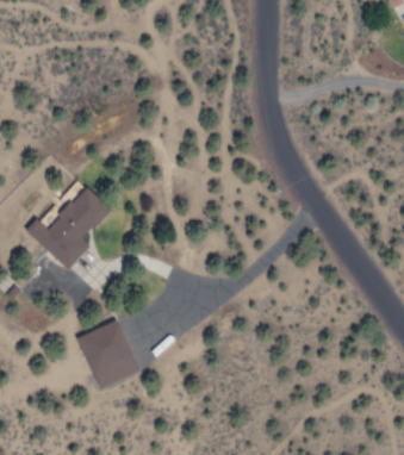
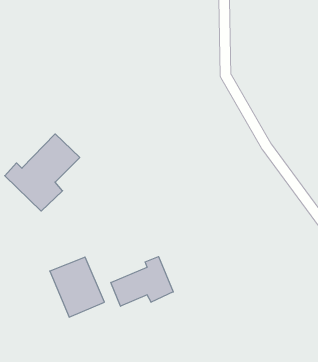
building: none -> [111,257,173,306]

